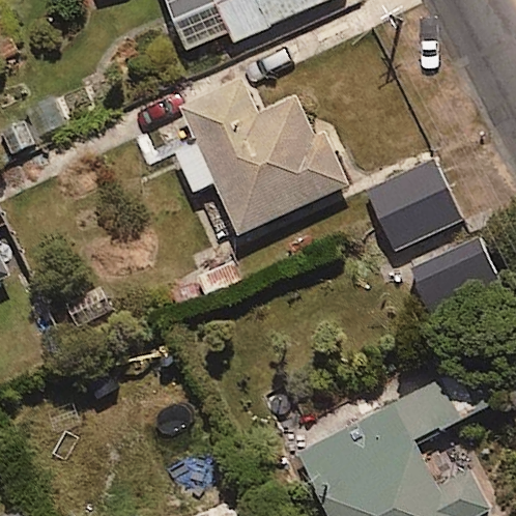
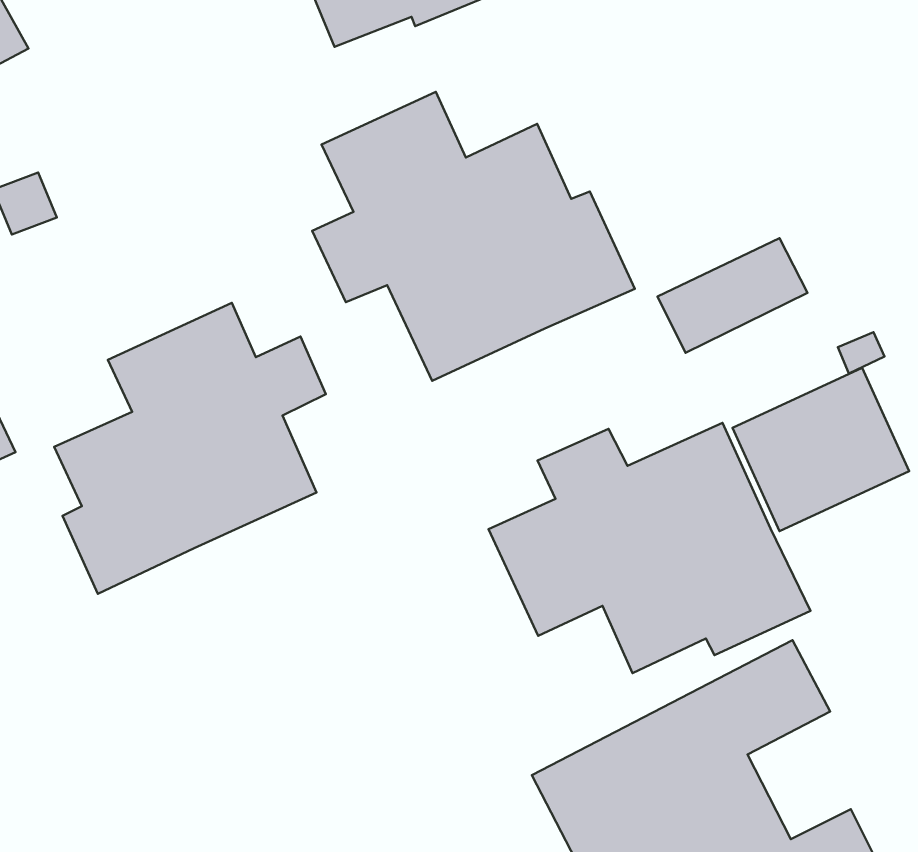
building: none -> [54,303,326,594]
building: none -> [489,423,811,673]

